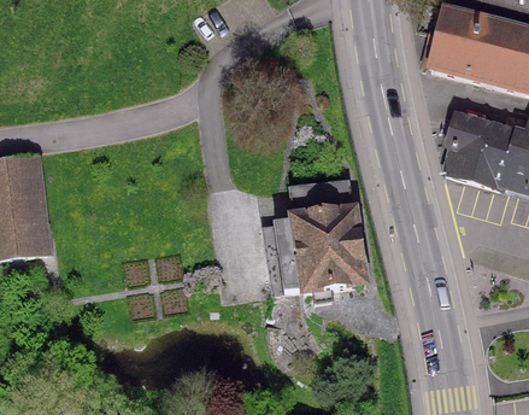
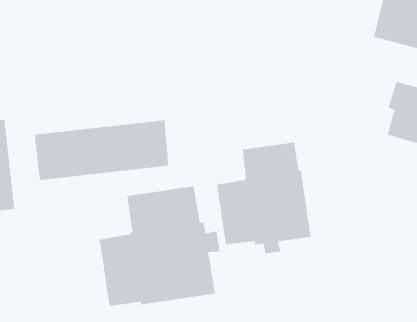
building: none -> [34,120,169,181]
building: none -> [99,186,220,307]

